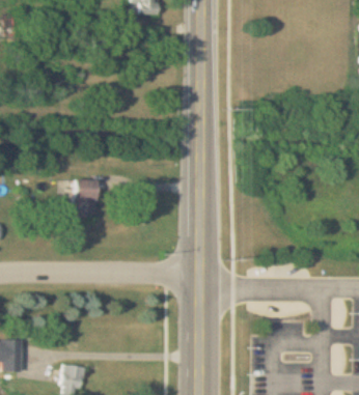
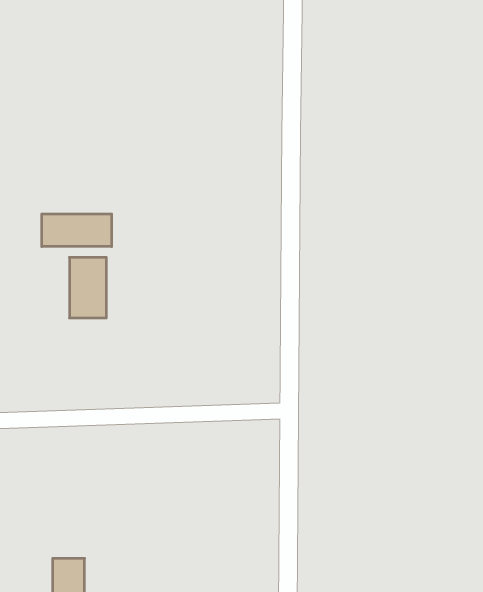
building: none -> [42,214,112,247]

